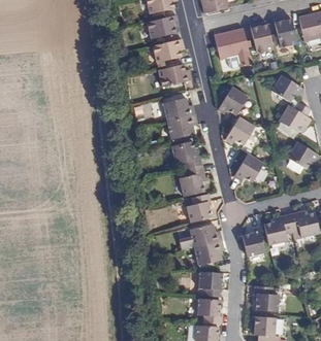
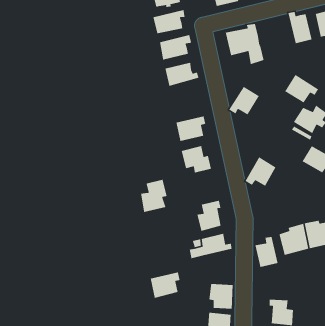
building: [249,22,272,53] -> none
building: [163,98,194,121] -> none
building: [225,116,254,145] -> none
building: [180,165,205,197] -> [140,179,168,213]
building: [194,240,223,266] -> [150,272,181,299]

